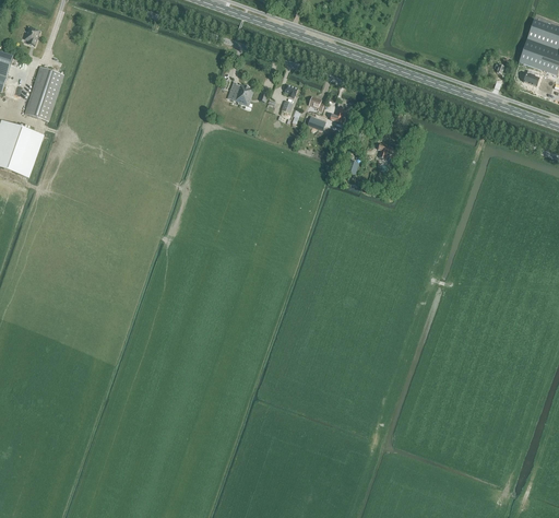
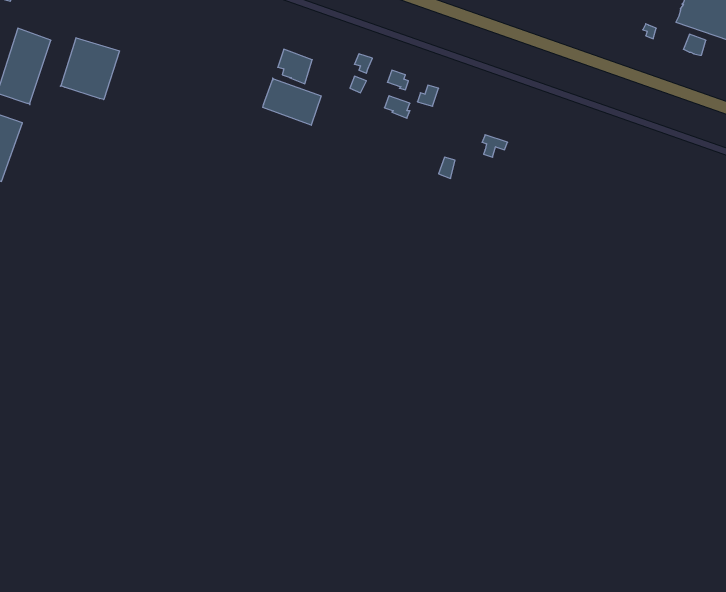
building: none -> [60,38,120,100]
building: none -> [263,78,321,125]

